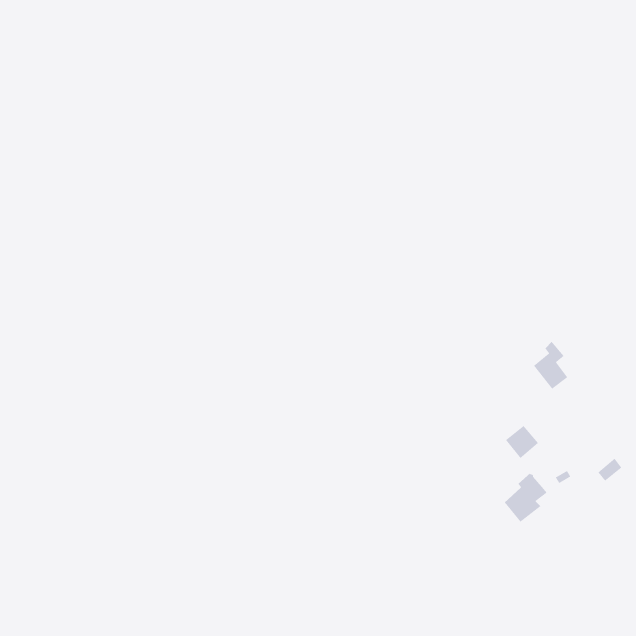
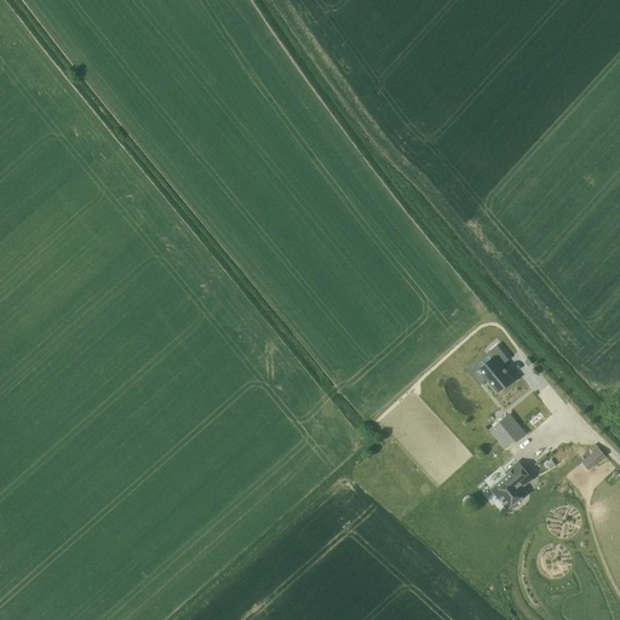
building: [533,341,568,390] -> [481,350,515,397]

